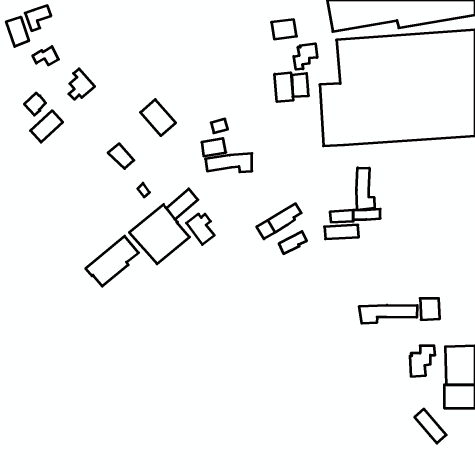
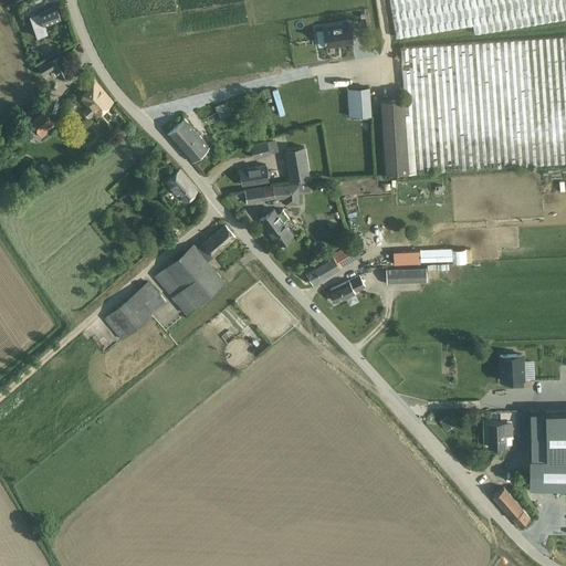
building: [6,17,29,47] -> none
building: [294,44,317,69] -> none
building: [275,73,293,102] -> none
building: [30,111,63,142] -> none
building: none -> [285,147,310,184]
building: [108,144,134,169] -> [166,172,197,202]
building: [357,168,375,210] -> none
building: [186,214,214,245] -> [260,210,293,247]
building: [359,305,417,323] -> none

